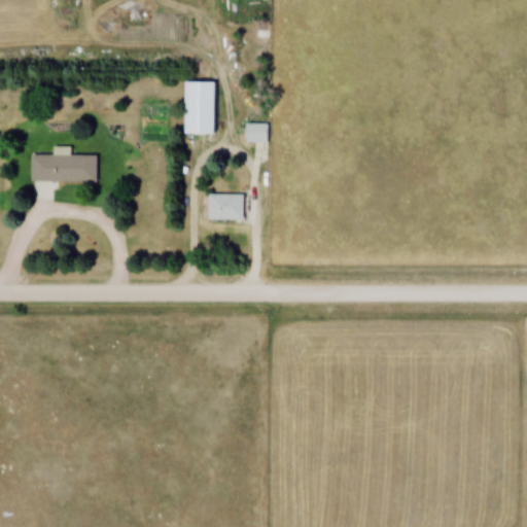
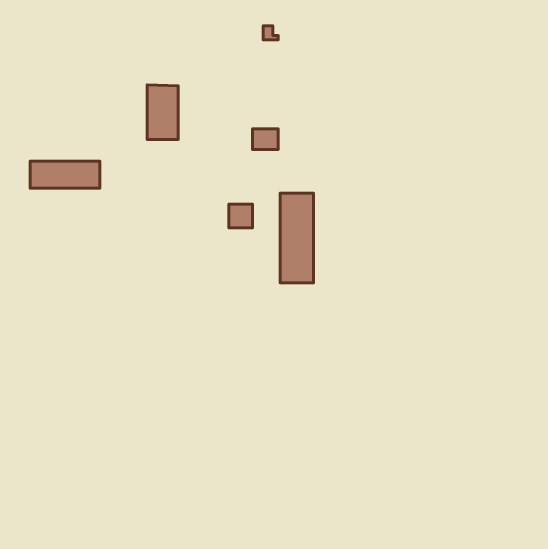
building: [185,81,215,134] -> [147,85,178,140]
building: none -> [280,193,314,283]

